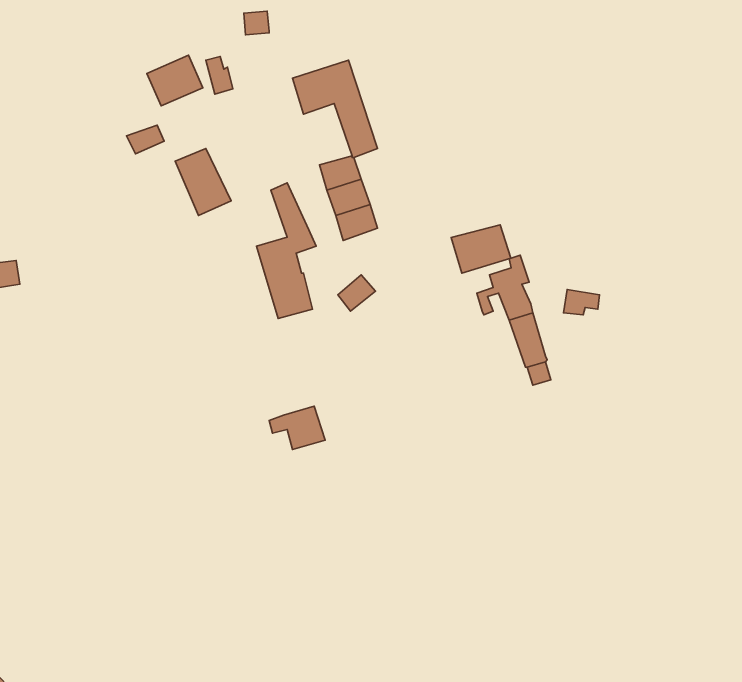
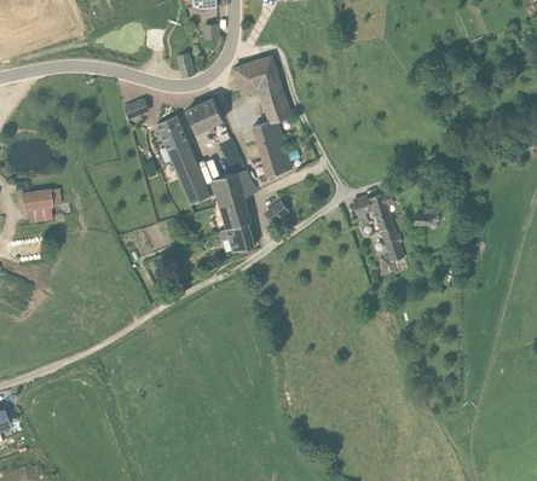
building: [147,55,203,106] -> [186,98,224,132]
building: none -> [172,150,209,202]
building: [451,225,511,273] -> none
building: [269,406,325,449] -> [218,222,255,251]

